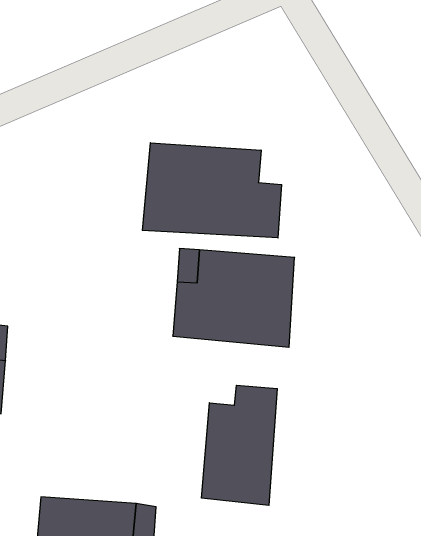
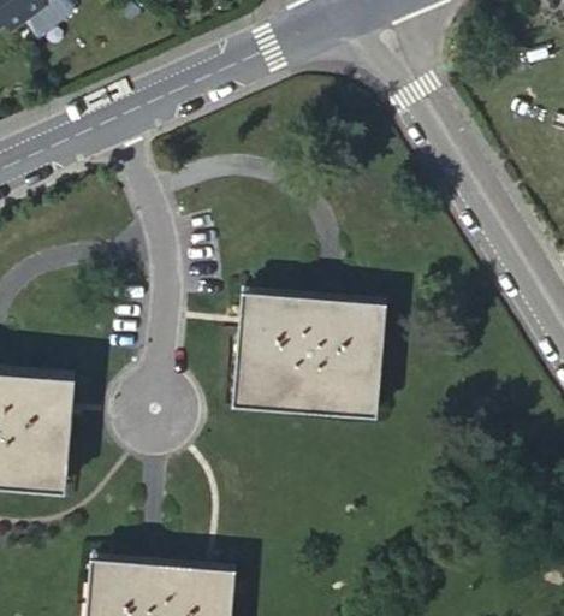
building: [142,143,282,238] -> none
building: [202,385,277,505] -> none

